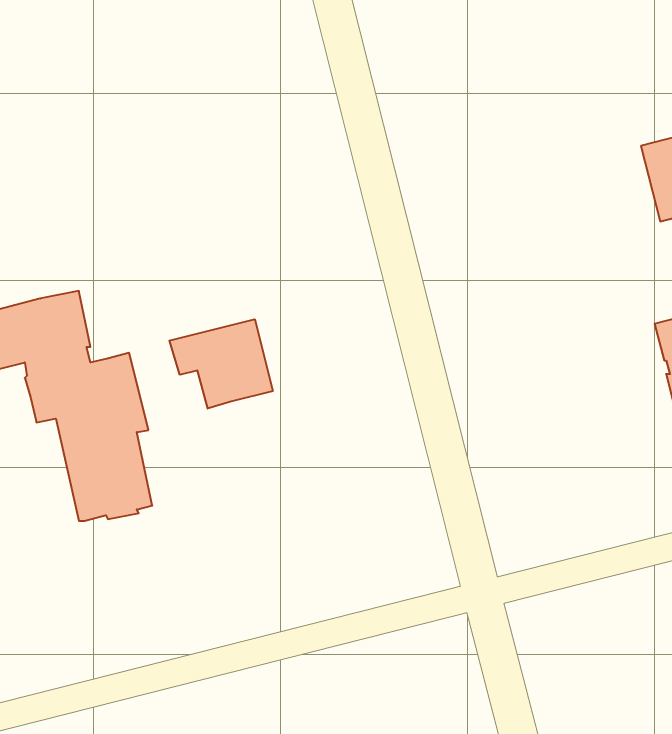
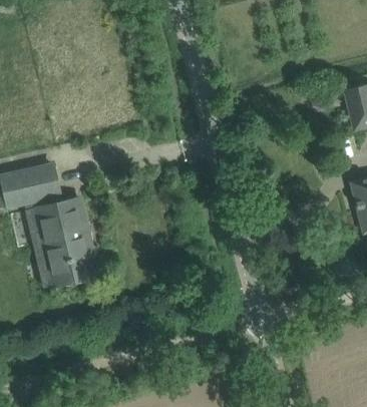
building: [169,319,273,409] -> none

